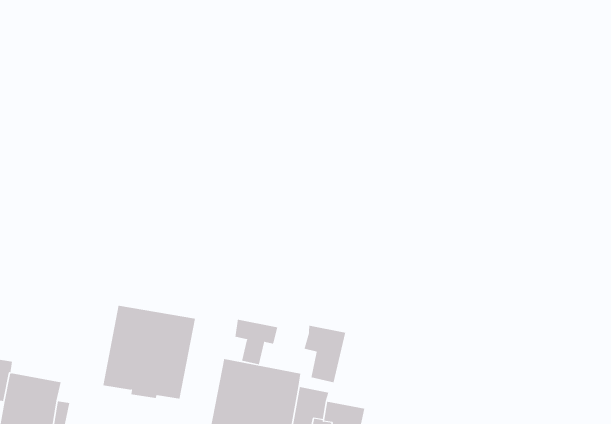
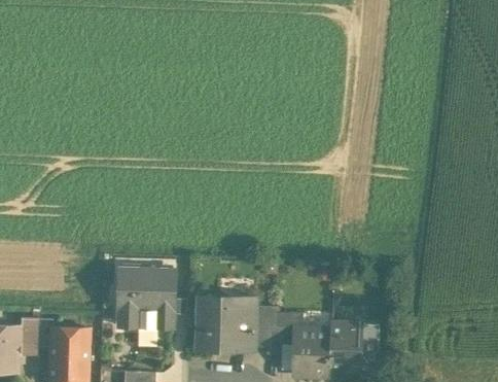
building: [235,319,278,365] -> none
building: [304,325,346,383] -> none

